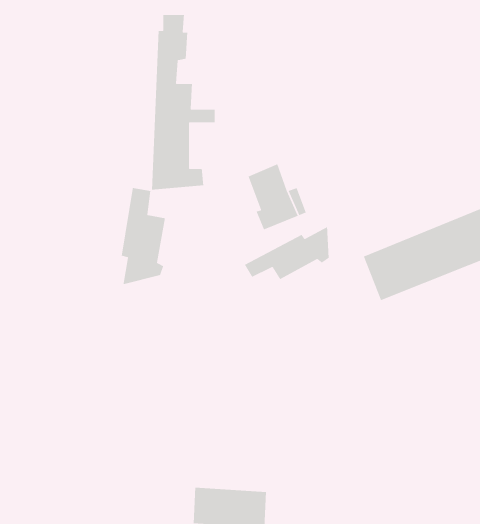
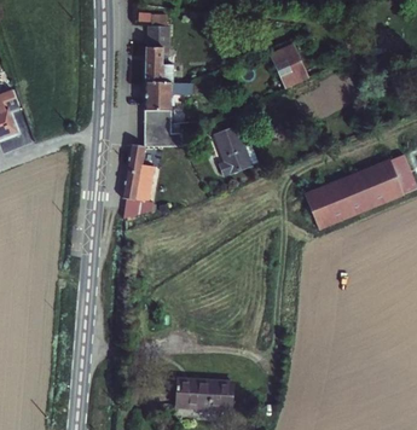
building: none -> [270,46,311,91]
building: [244,226,329,280] -> none

